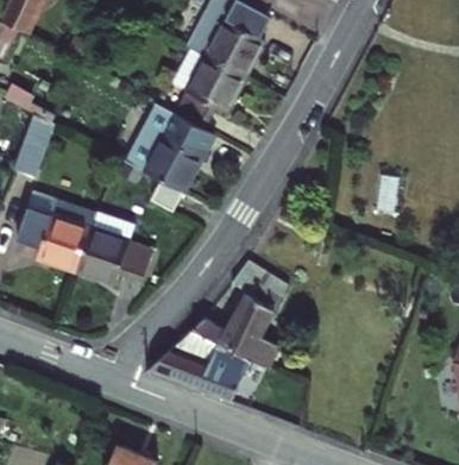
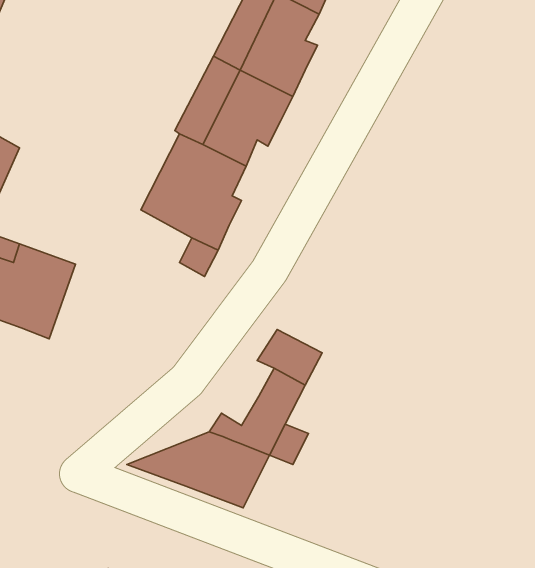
building: [69,212,145,282] -> none

